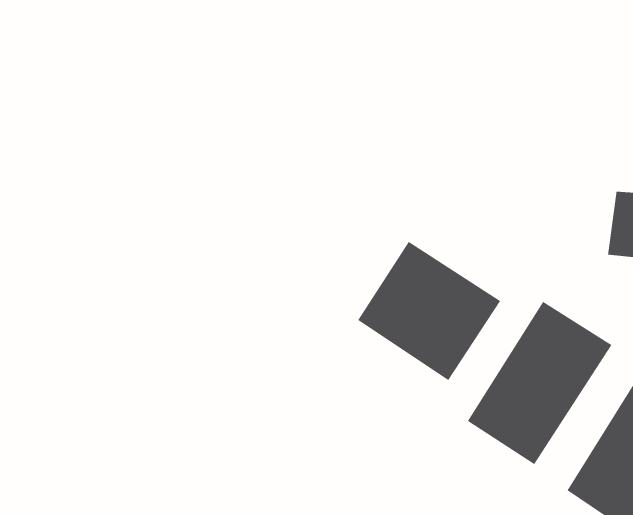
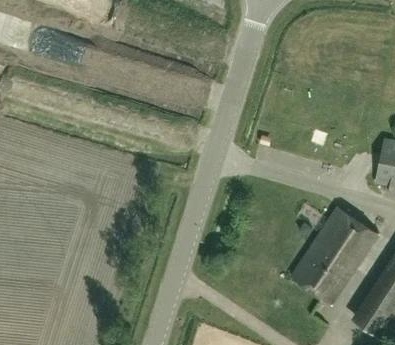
building: [357,241,501,381] -> none

